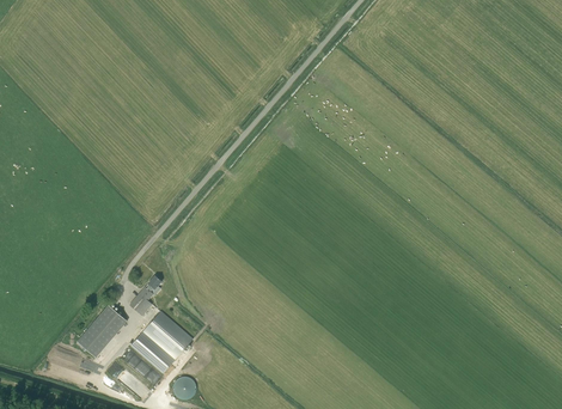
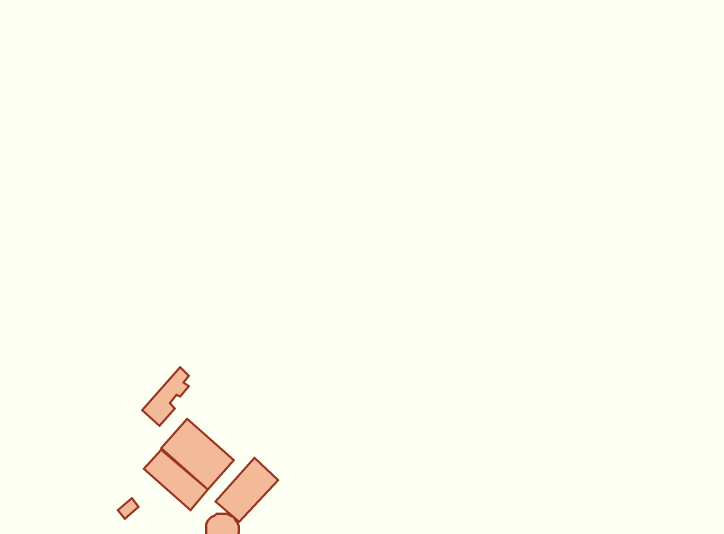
building: [77,304,127,356] -> none
building: none -> [216,458,278,522]

